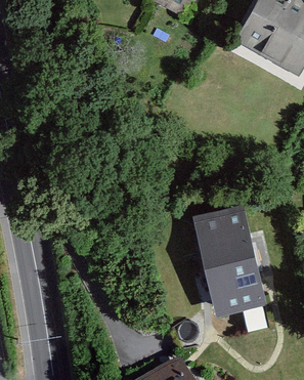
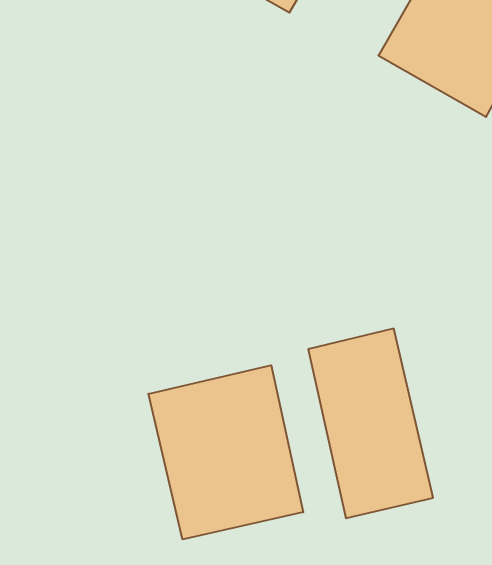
building: none -> [148,365,303,539]

